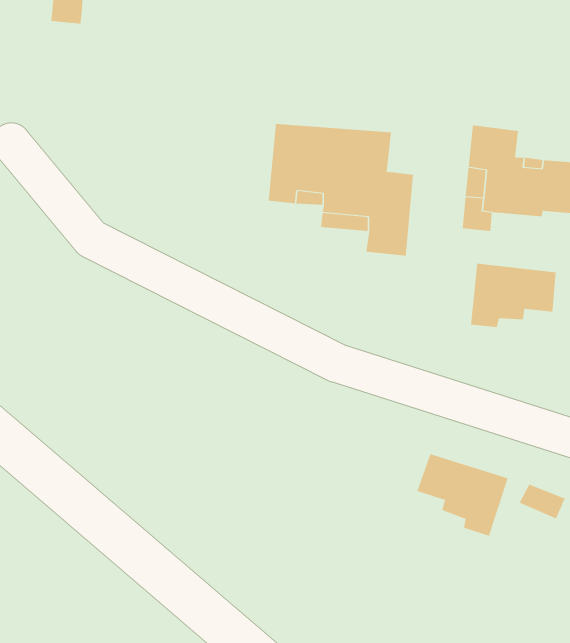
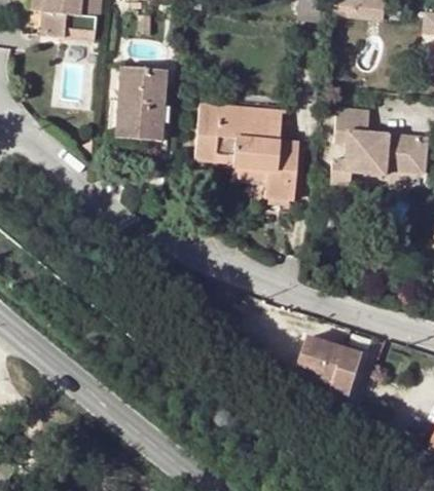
building: none -> [106,69,167,149]
building: [470,263,556,328] -> none

